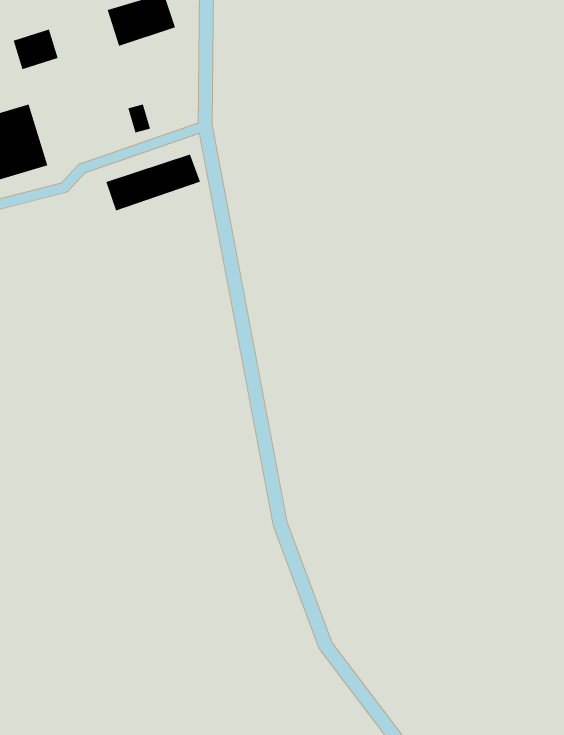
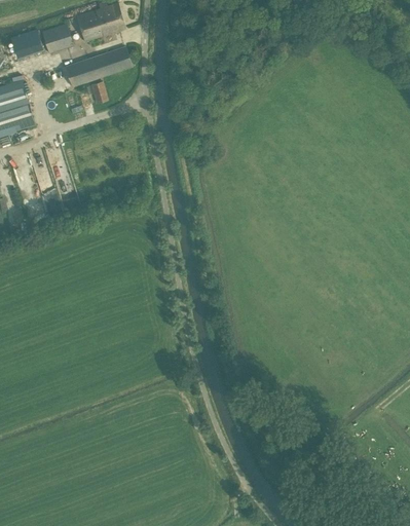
building: none -> [42,24,72,52]
building: [105,154,201,211] -> [65,46,132,86]

